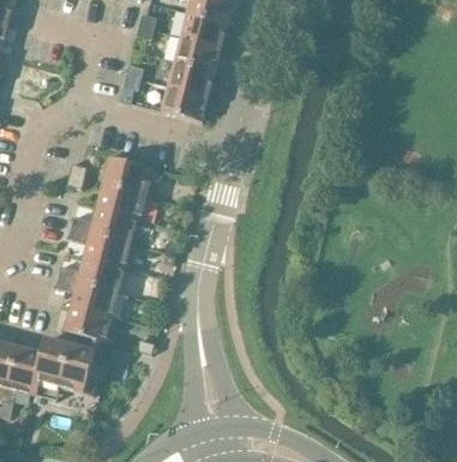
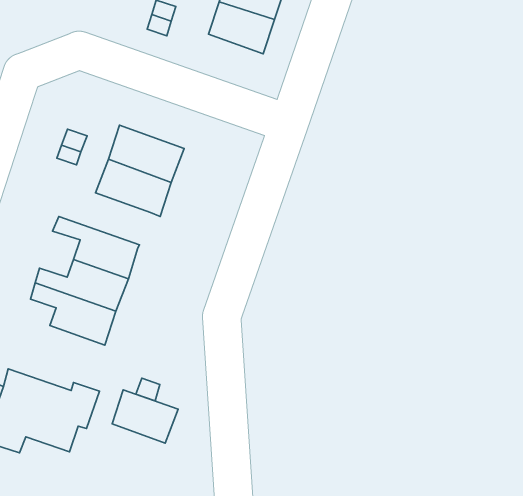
building: [161,85,209,121] -> none
building: [71,206,137,241] -> none
building: [65,305,112,341] -> [112,390,178,443]

